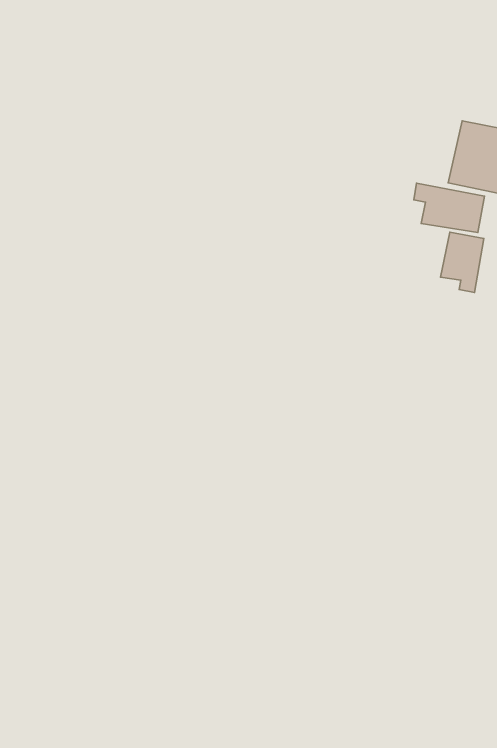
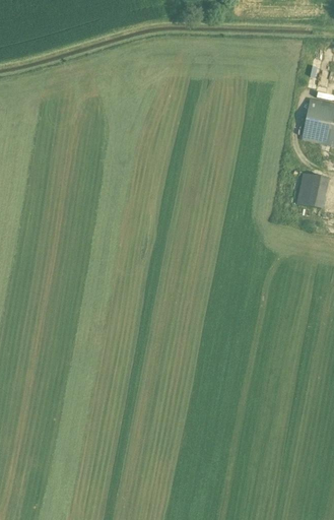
building: [414,183,484,232] -> none

